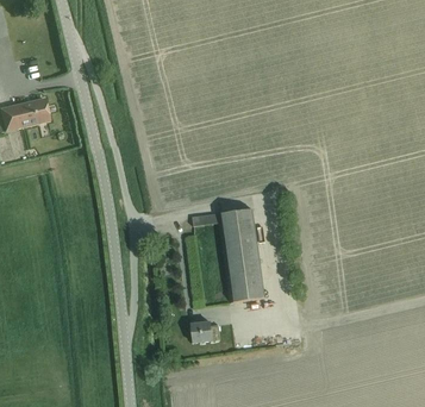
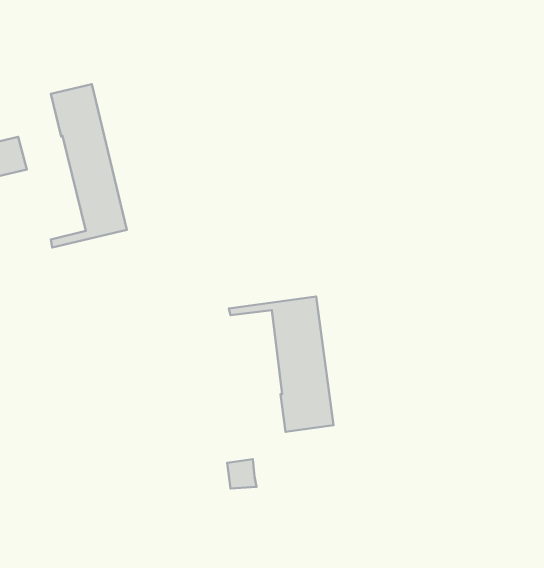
building: none -> [51,84,127,248]

